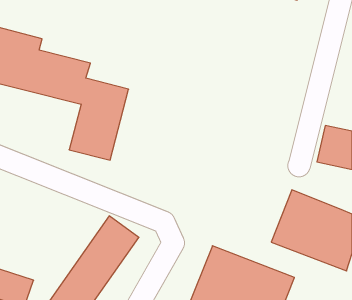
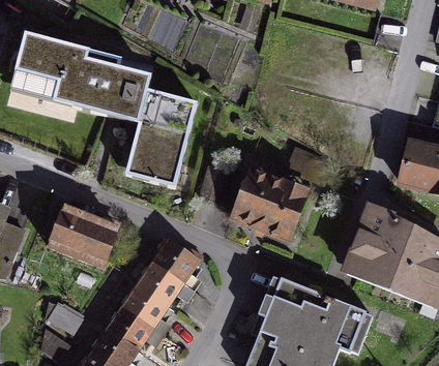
building: none -> [235,171,308,240]
building: none -> [52,219,130,281]

